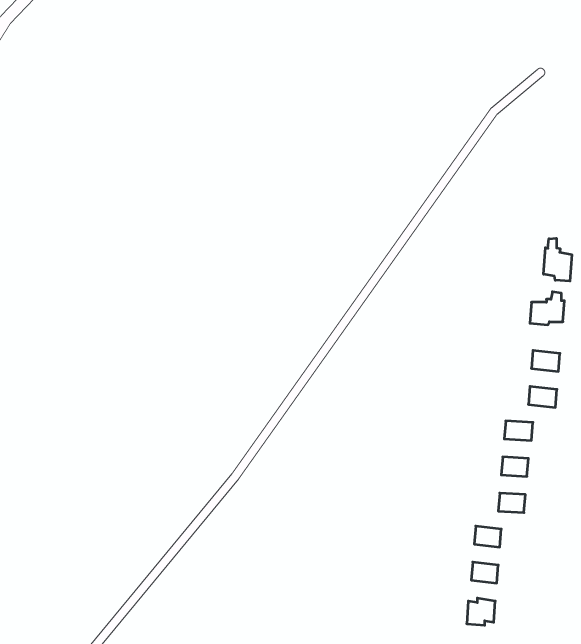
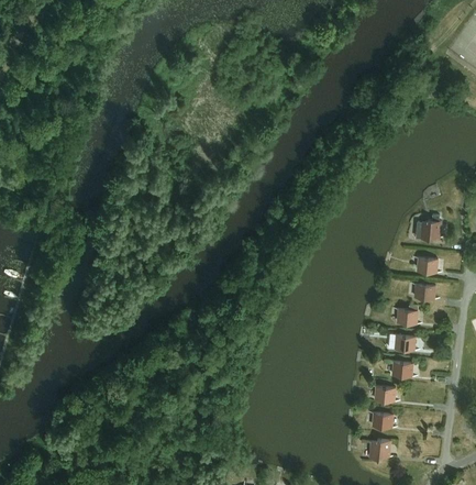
building: [544,238,572,281] -> none

